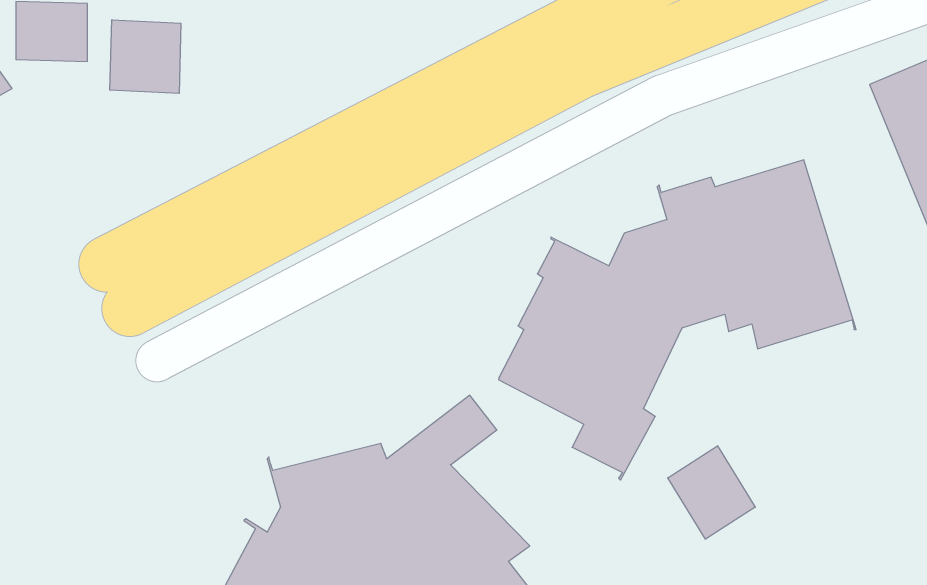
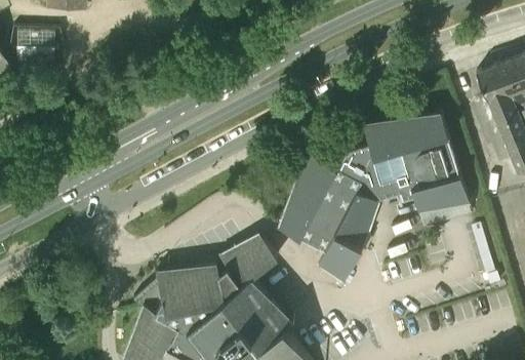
building: [110,20,181,93] -> none
building: [668,446,755,539] -> none

